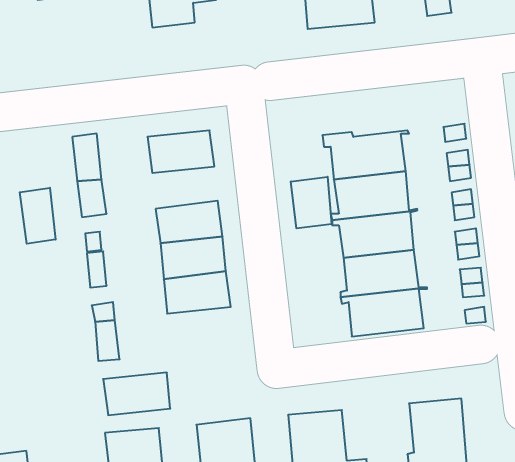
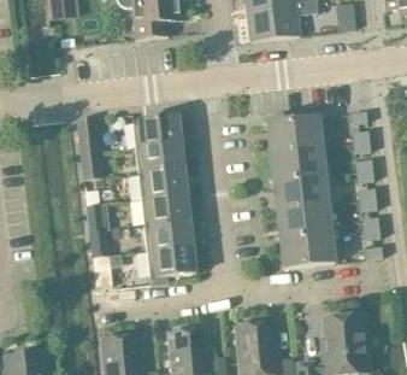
building: none -> [135,141,183,172]
building: [291,177,331,228] -> none
building: [20,188,56,244] -> none
building: [103,373,170,415] -> [146,245,195,276]

